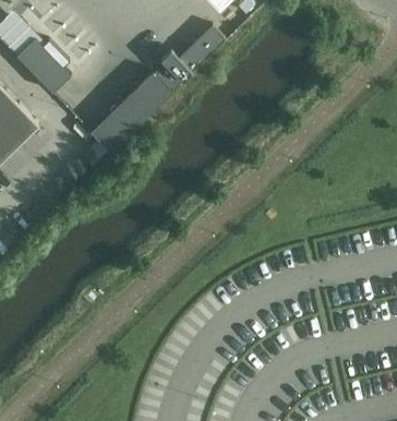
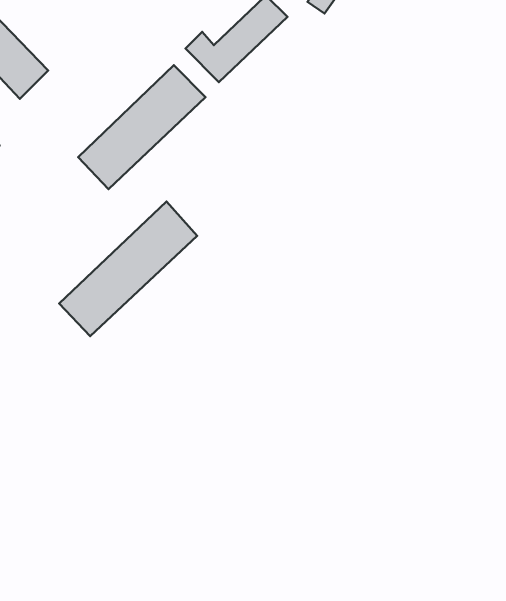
building: none -> [59,202,197,336]

